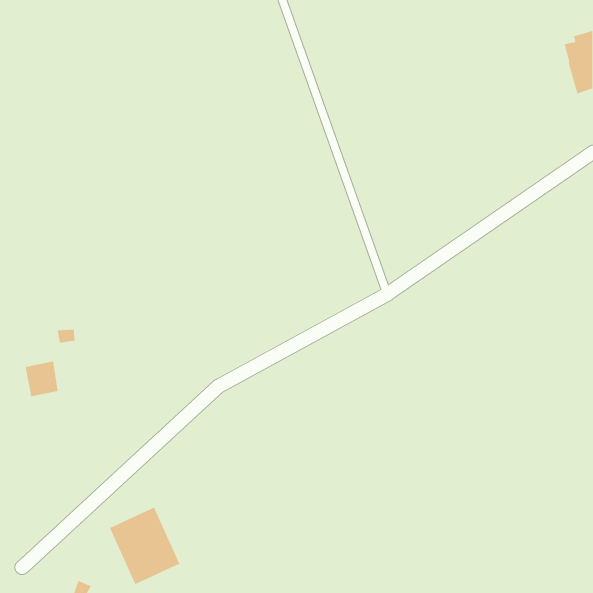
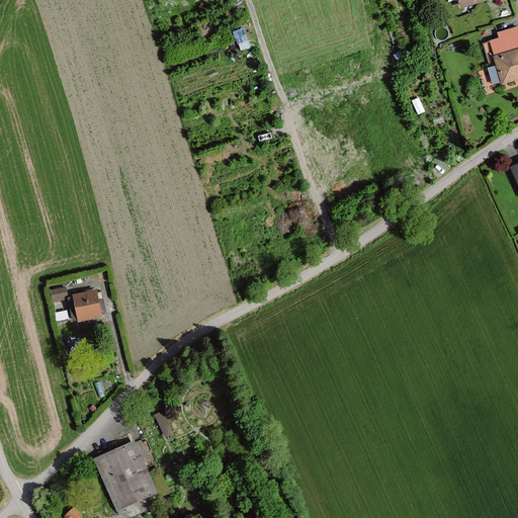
building: [25,361,58,397] -> [72,290,101,322]

